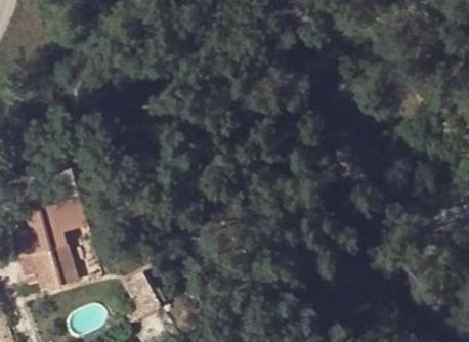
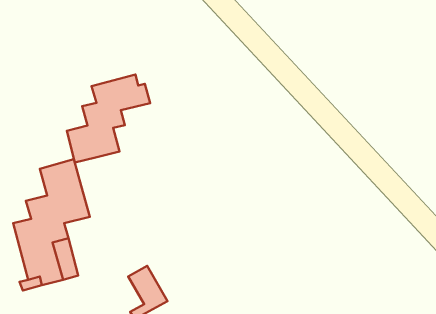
building: none -> [67,75,150,163]

